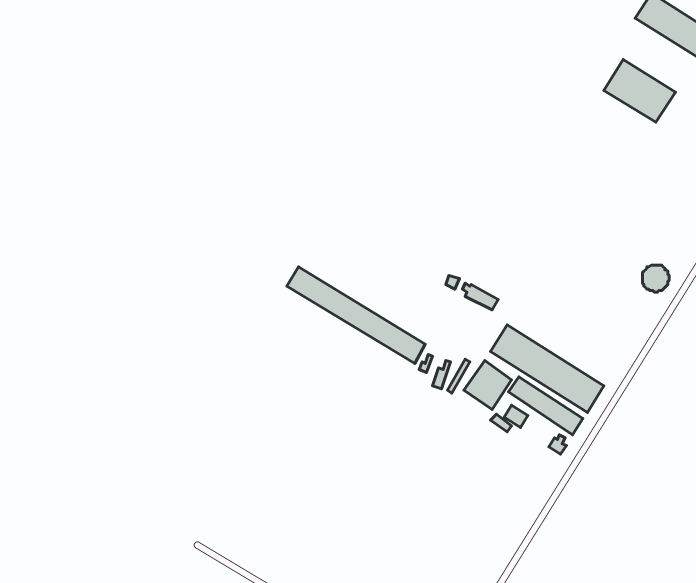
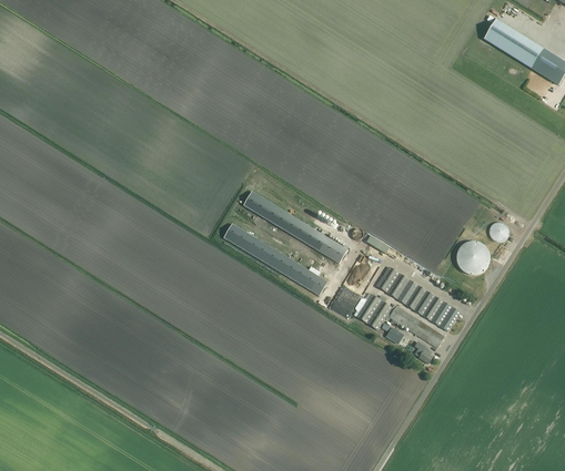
building: [604,59,675,122] -> none
building: none -> [243,191,346,263]
building: none -> [455,240,488,274]

